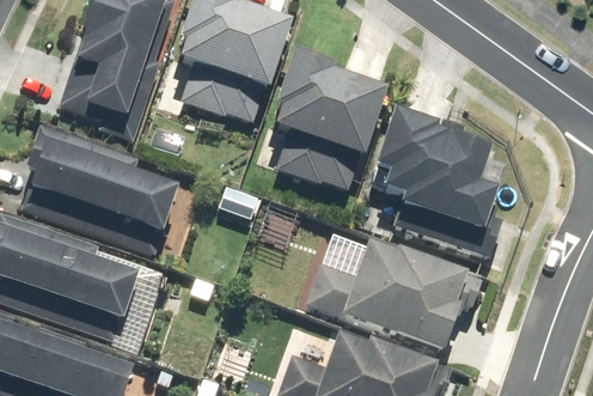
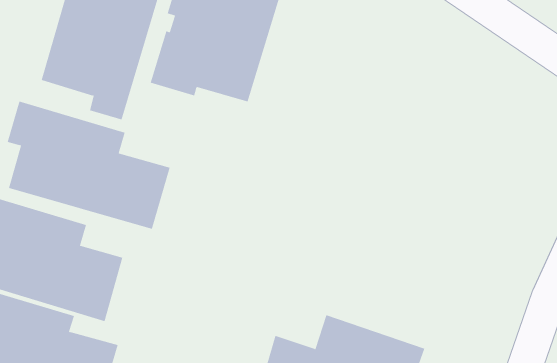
building: [271,44,383,185] -> none
building: [377,109,503,245] -> none
building: [302,231,473,349] -> none

